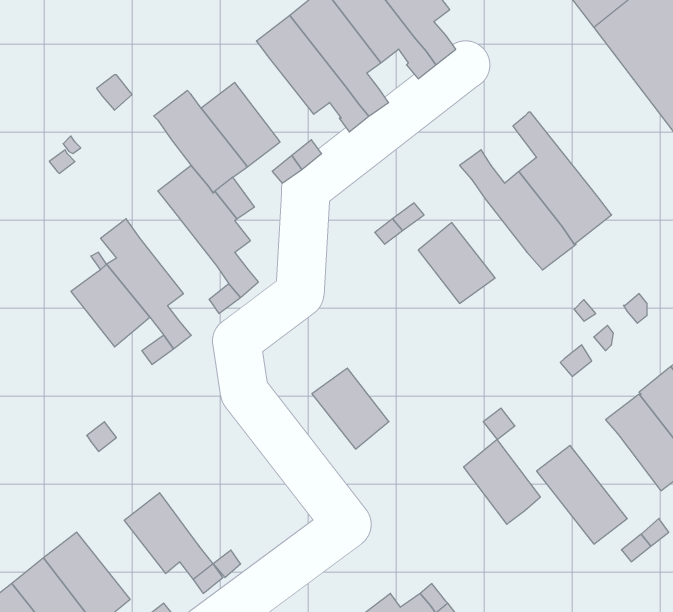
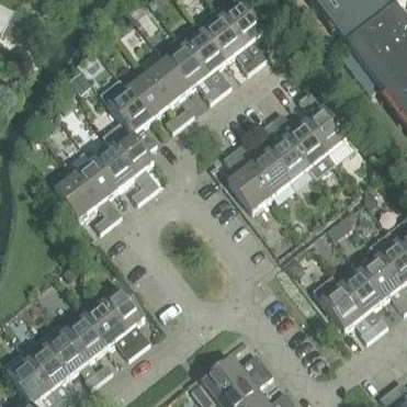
building: none -> [146,59,190,106]
building: none -> [263,120,308,182]
building: none -> [93,145,136,191]
building: [312,368,389,449] -> [228,167,271,212]
building: [464,440,540,524] -> [340,269,383,316]
building: none -> [104,287,146,331]
building: none -> [58,317,108,361]

